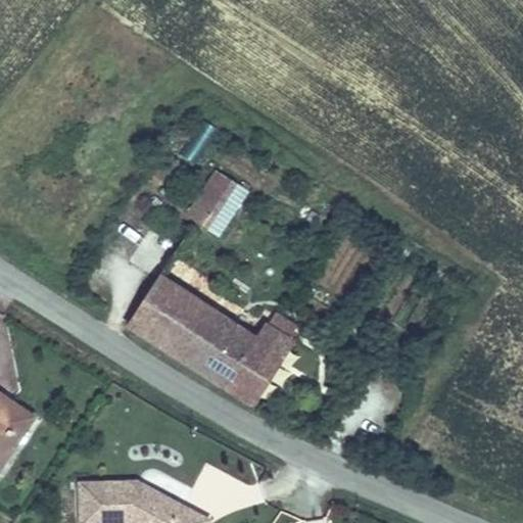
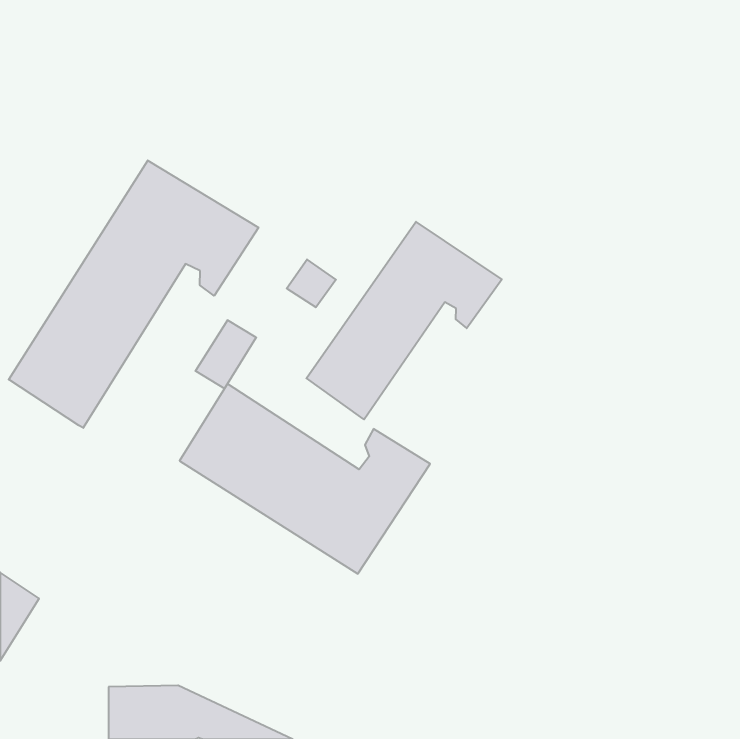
building: none -> [9,160,258,428]
building: none -> [306,222,502,419]

